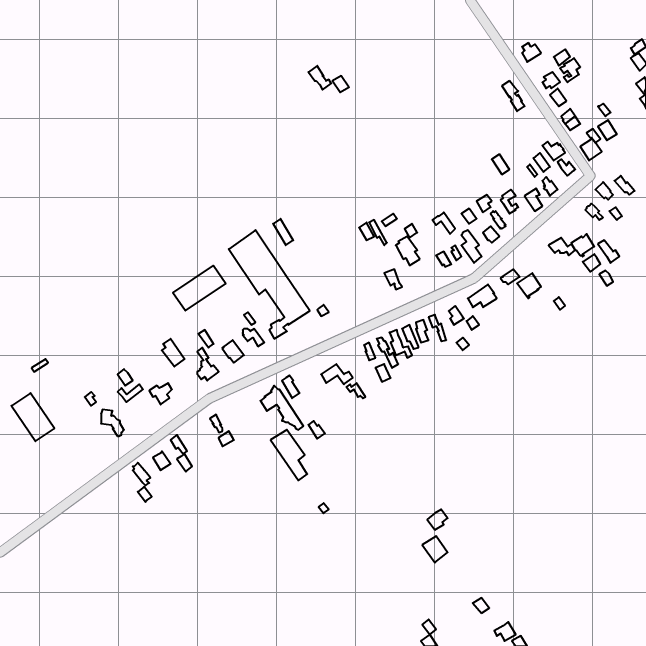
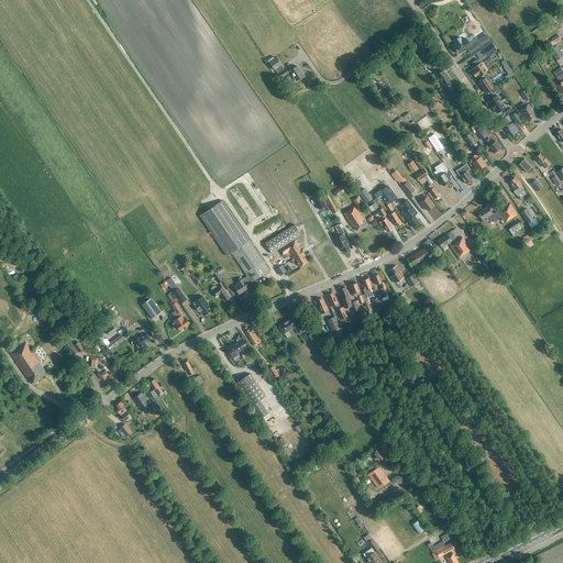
building: none -> [265,224,308,267]
building: [173,266,226,311] -> none

